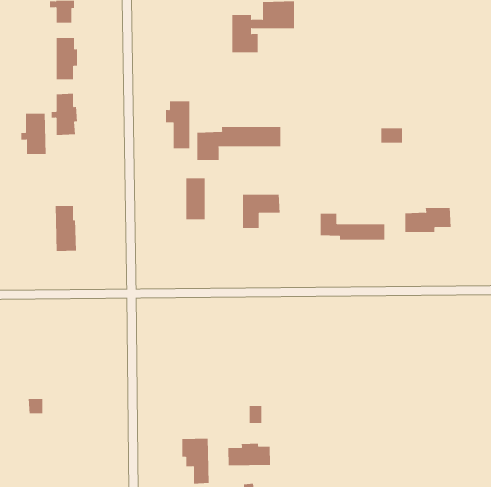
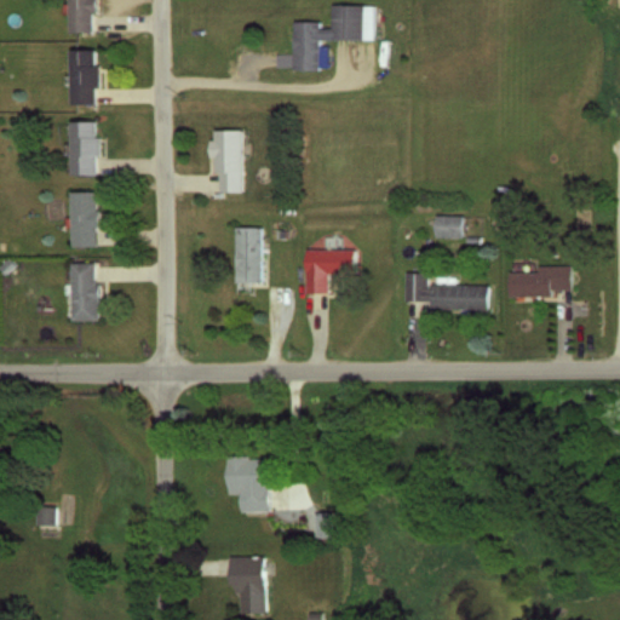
building: [20,113,46,154] -> [64,194,97,246]
building: [197,126,281,161] -> none
building: [381,128,403,143] -> [434,217,461,236]
building: none -> [226,457,274,511]
building: [228,443,271,466] -> none

